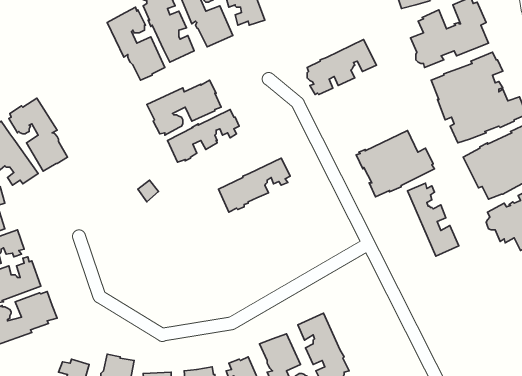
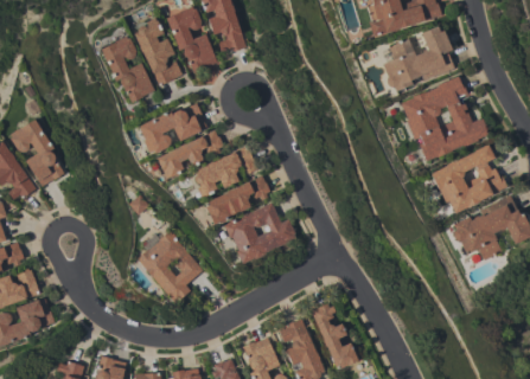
building: [307,39,376,94] -> [194,144,258,195]
building: [356,130,434,197] -> [224,201,296,263]
building: [408,183,459,256] -> [311,302,358,370]
building: none -> [136,230,203,303]

